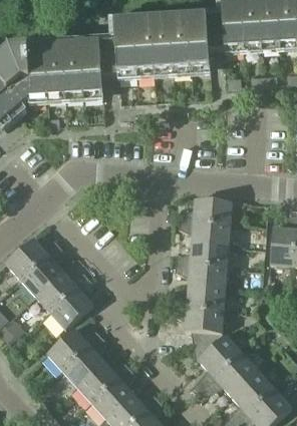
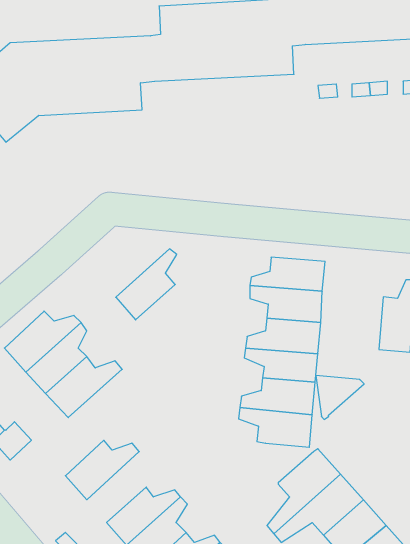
building: [50,278,93,328] -> [116,249,177,320]
building: [190,330,224,361] -> [316,375,364,419]
building: [63,336,105,386] -> none

